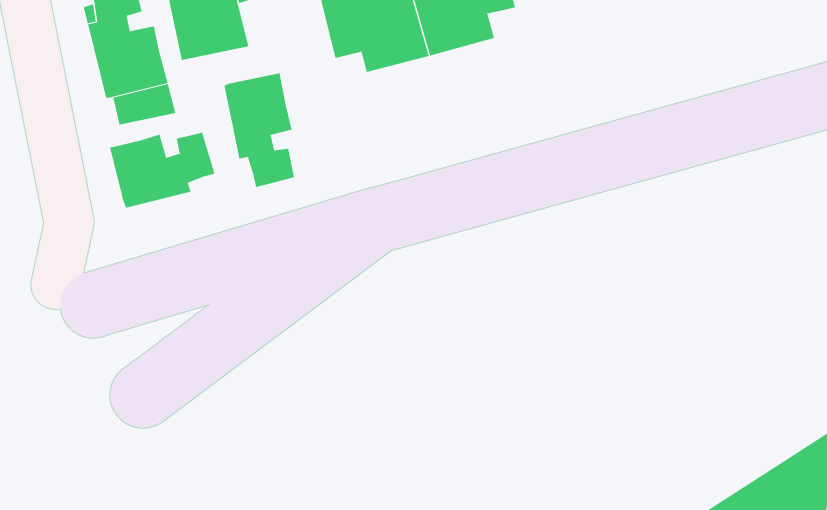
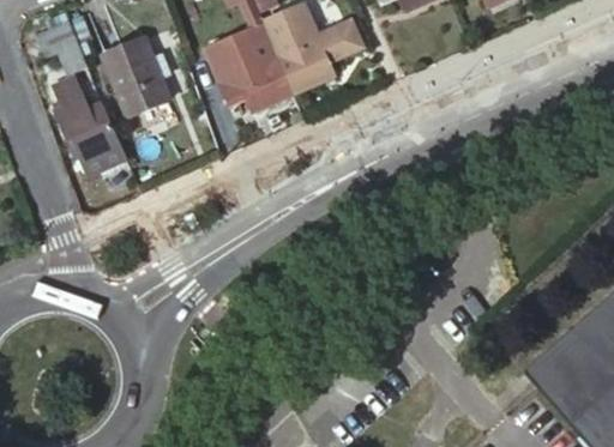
building: [224,73,295,188] -> none
building: [110,132,215,209] -> none

